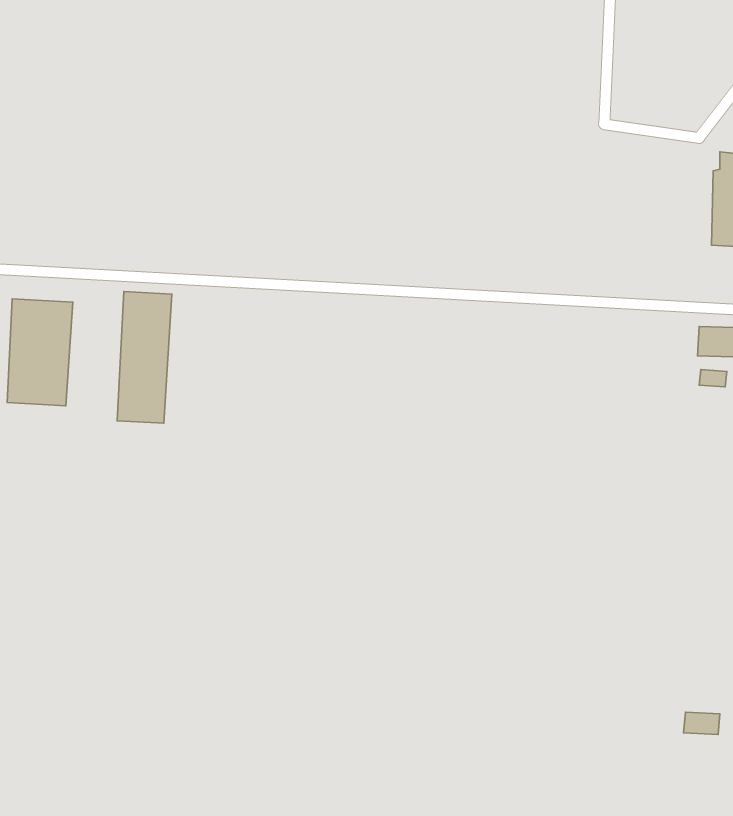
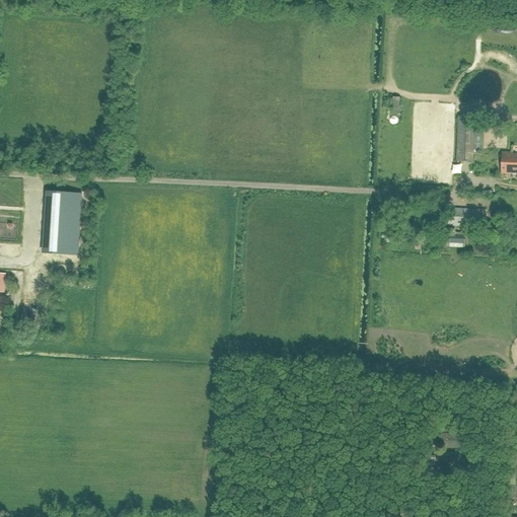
building: [117,292,172,423] -> none

